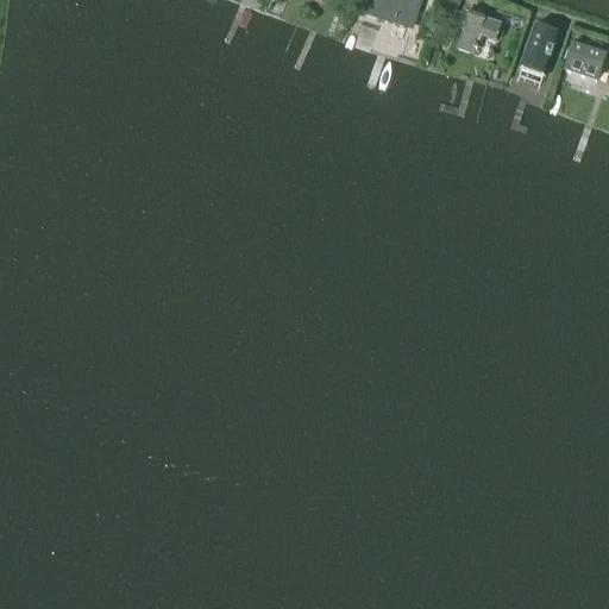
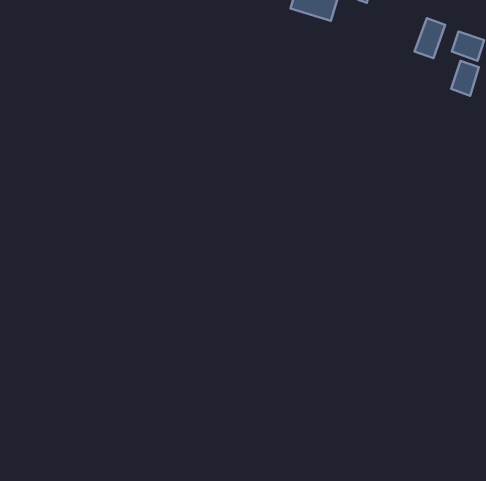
building: [458,10,502,49] -> none
building: none -> [451,61,479,96]

